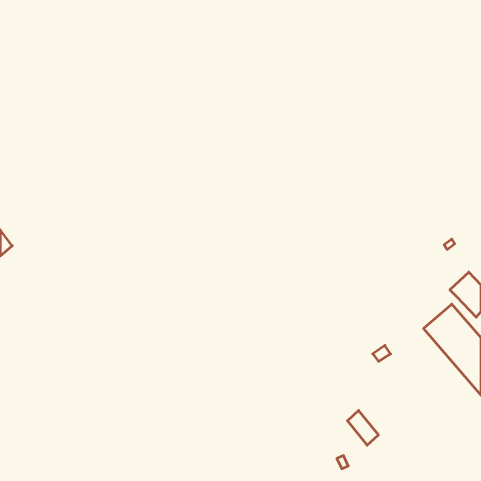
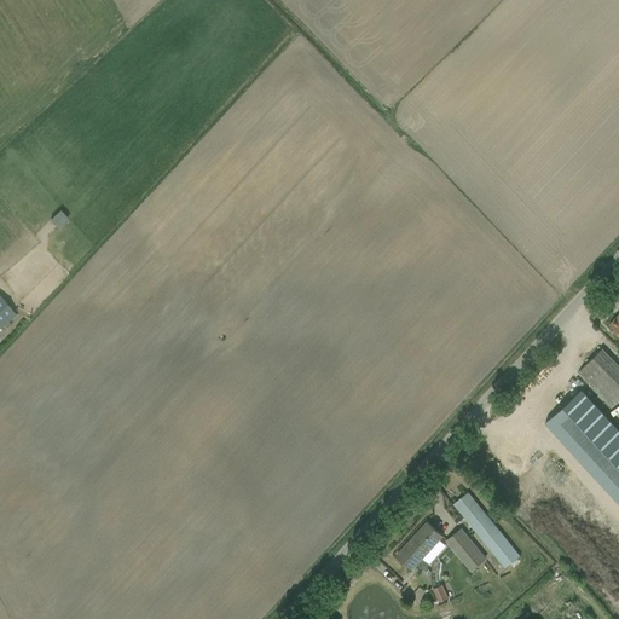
building: none -> [453,492,520,568]
building: none -> [397,522,441,571]

